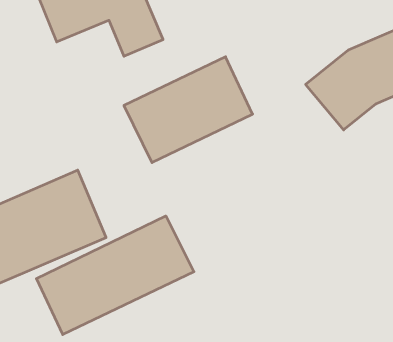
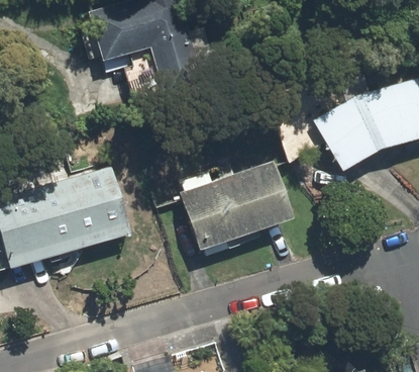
building: [124,57,253,163] -> [181,164,293,249]
building: [36,216,194,335] -> none

